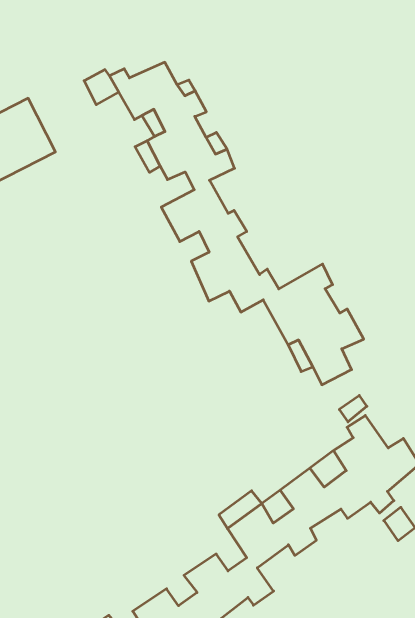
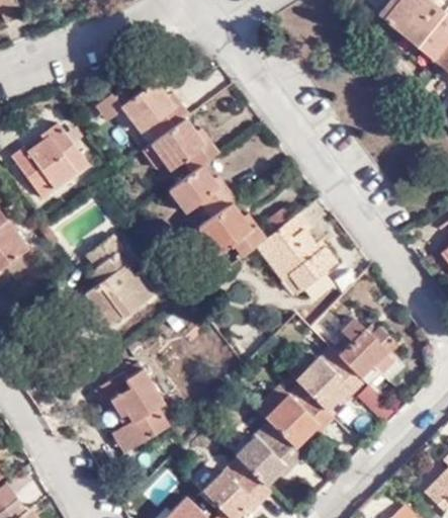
building: none -> [85,240,156,335]
building: none -> [87,373,159,450]

